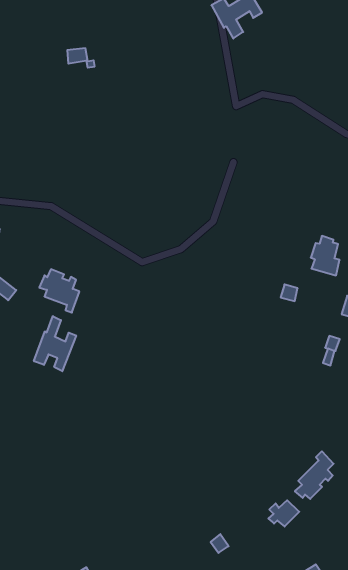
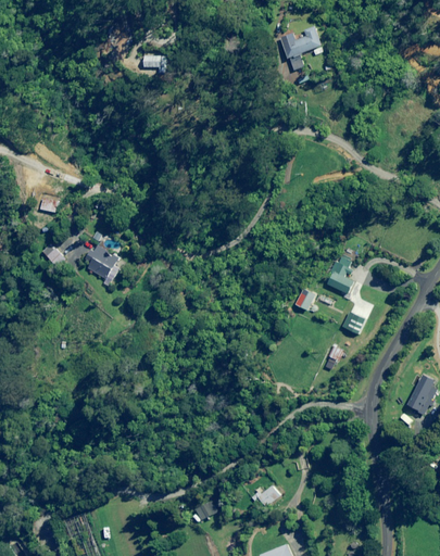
building: [34,316,76,371] -> none
building: [295,451,334,499] -> none

